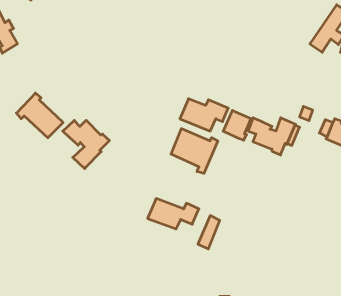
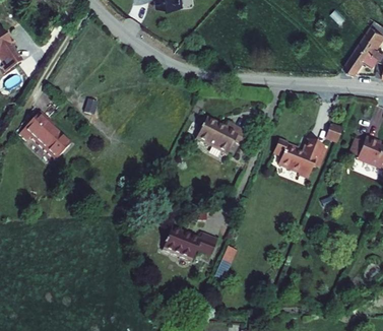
building: [223,110,251,140] -> none
building: [63,120,109,169] -> none
building: [171,129,218,173] -> none

